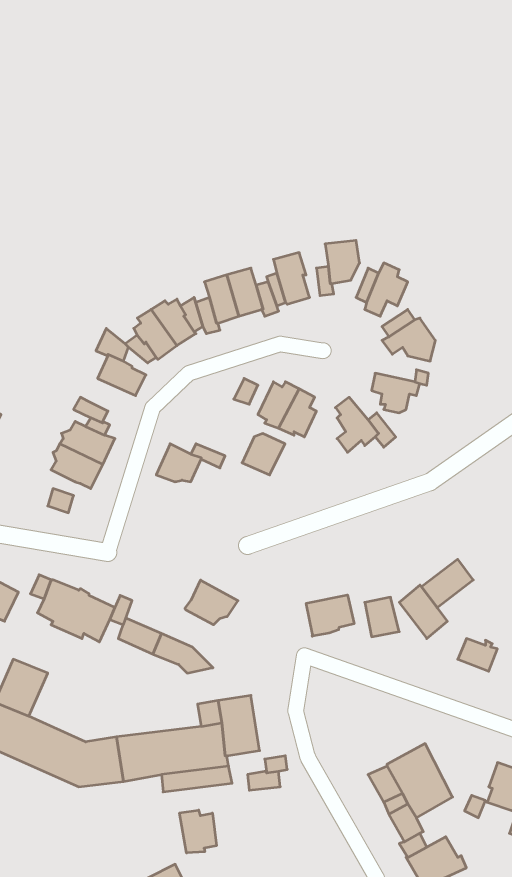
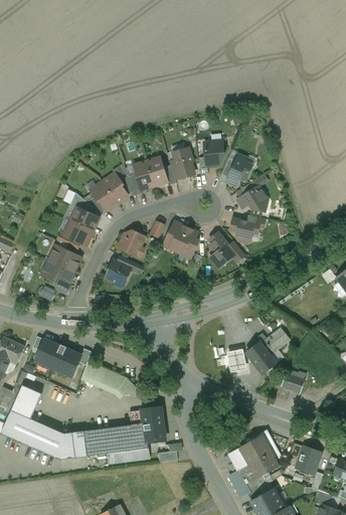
building: none -> [64,221,93,245]
building: [242,434,285,475] -> [119,230,144,254]
building: [185,580,238,625] -> none
building: [306,595,354,636] -> none
building: [180,810,216,853] -> none

